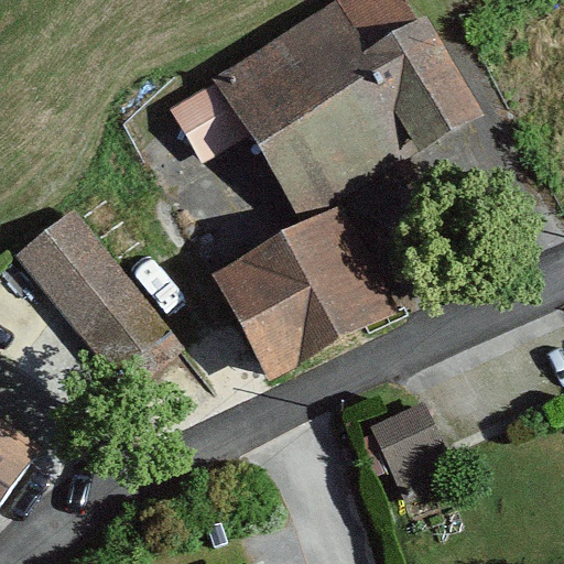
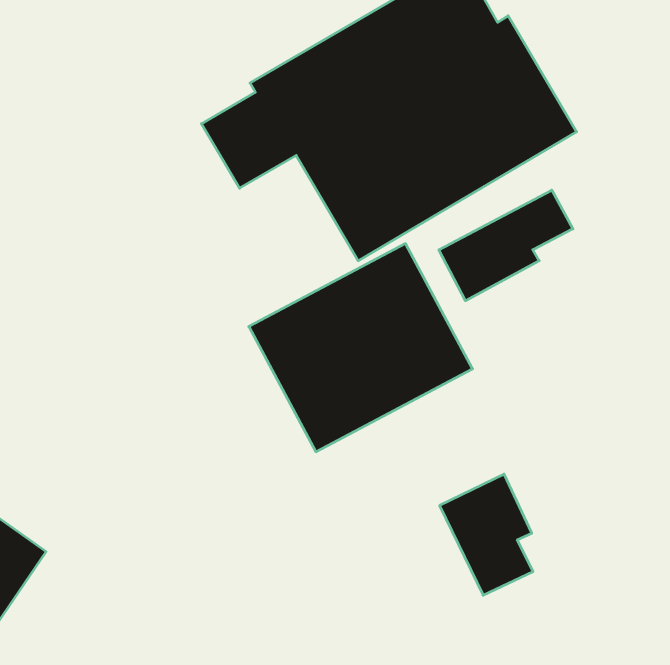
building: none -> [439,190,573,301]
building: [23,221,184,394] -> none

